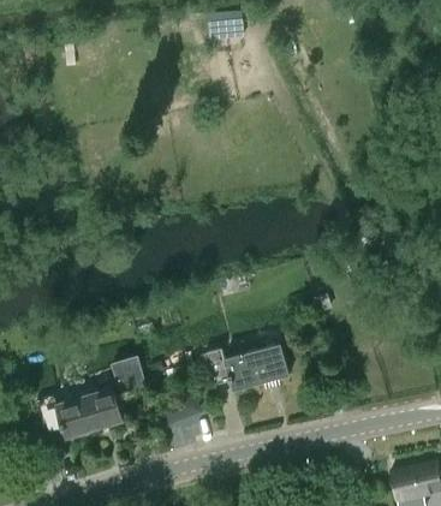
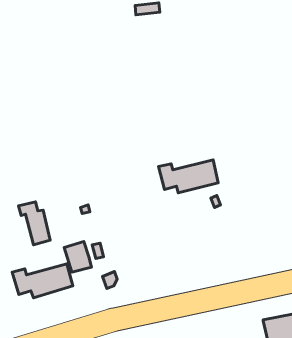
building: none -> [19,202,50,245]
building: [204,343,288,389] -> [158,160,218,193]

